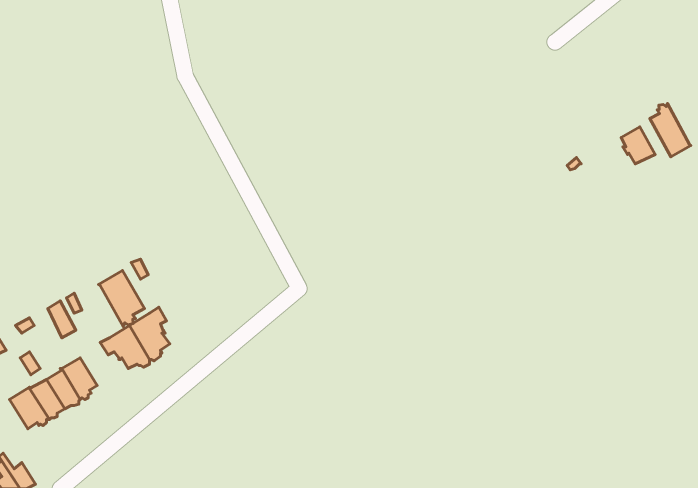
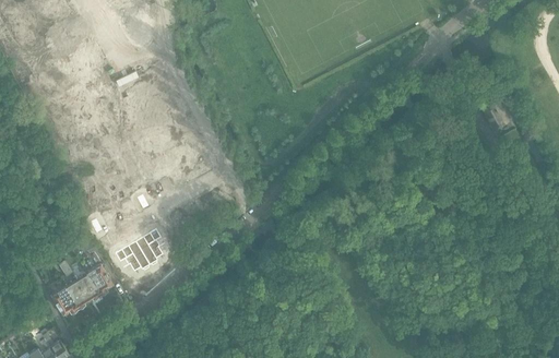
building: [650,103,691,157] -> none
building: [98,270,145,326] -> none

